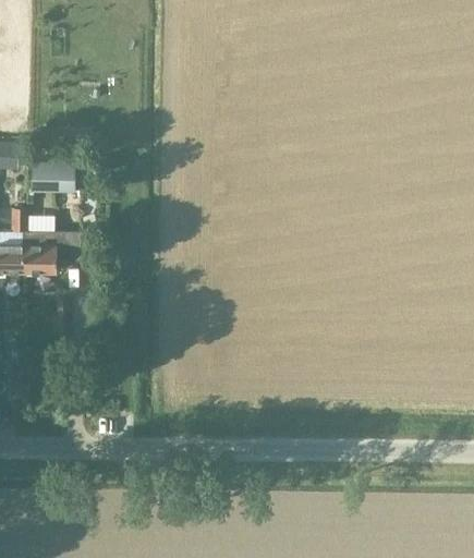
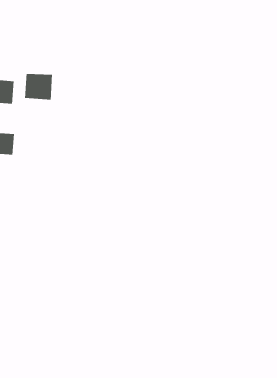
building: none -> [24,73,52,100]

